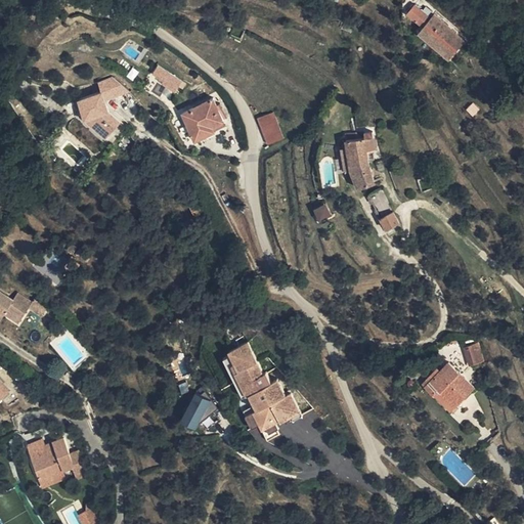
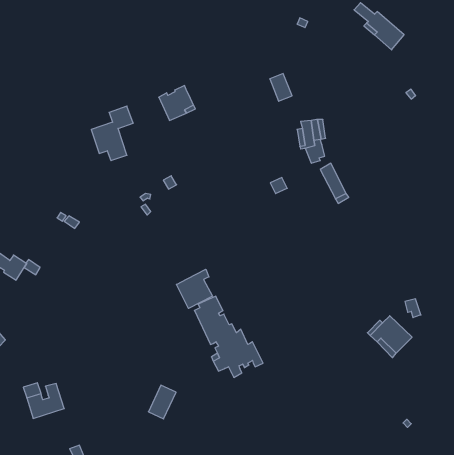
building: [147,66,180,94] -> none
building: [74,76,122,138] -> [91,106,133,161]
building: [257,113,282,144] -> [270,74,292,101]
building: none -> [176,269,212,308]
building: [177,394,209,433] -> [148,385,176,419]

